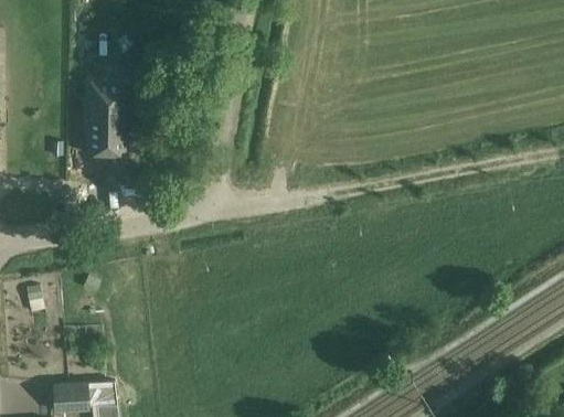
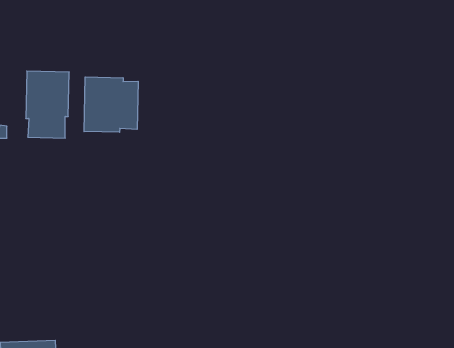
building: none -> [84,77,138,132]

